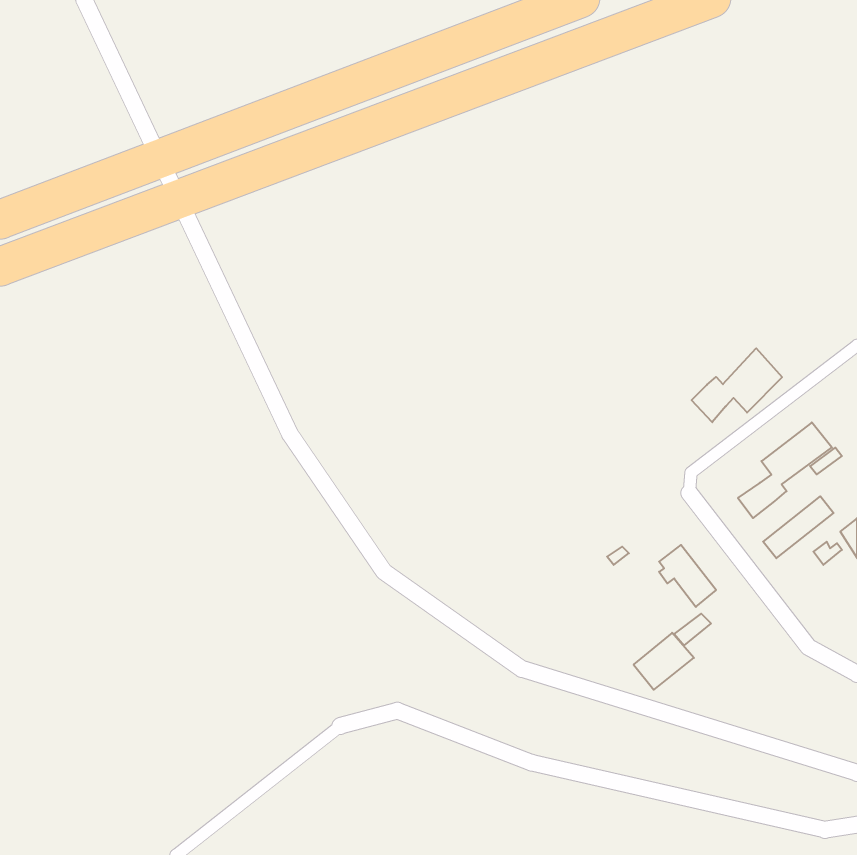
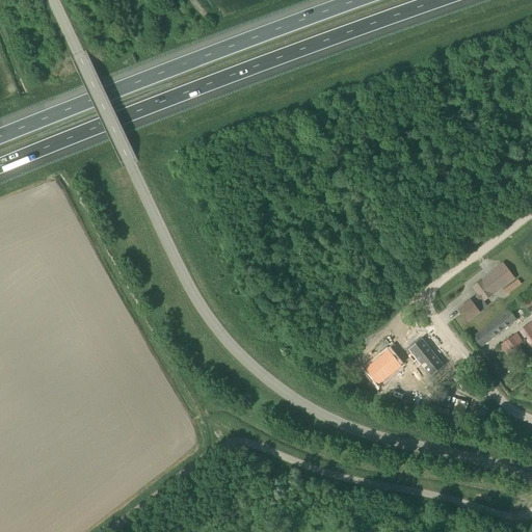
building: [692,348,782,422] -> none
building: [634,633,694,690] -> [365,349,402,384]

